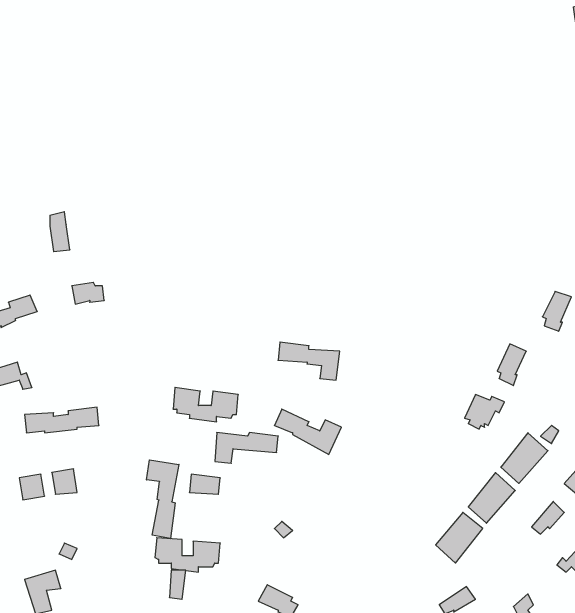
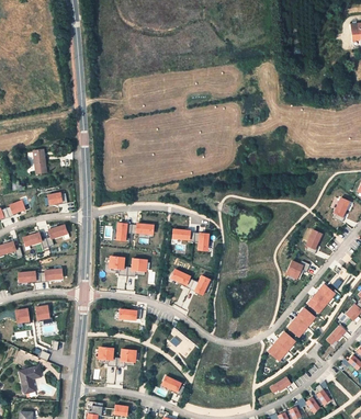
building: none -> [23,224,68,249]
building: [215,433,278,463] -> [116,223,155,241]
building: [147,460,179,539] -> none

